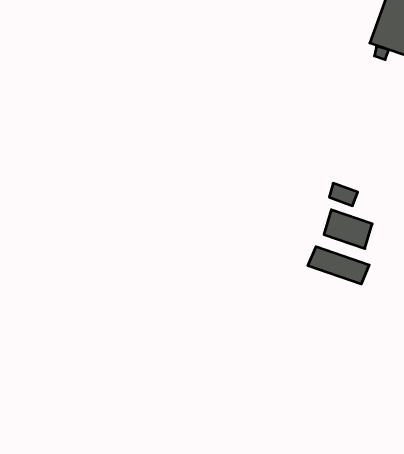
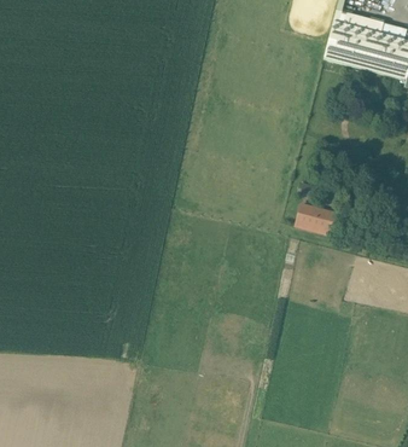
building: [308,247,369,284] -> none

